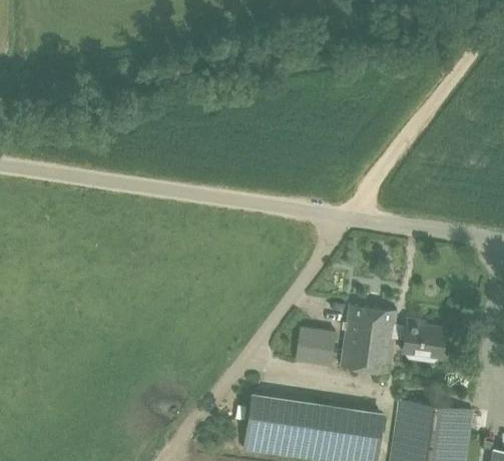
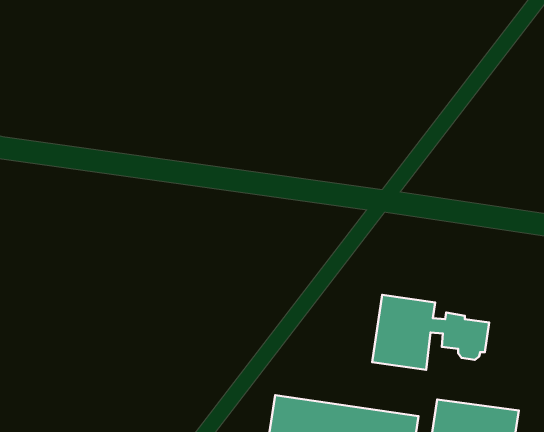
building: [295,326,336,366] -> none

